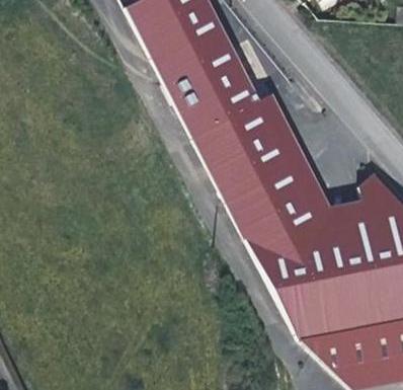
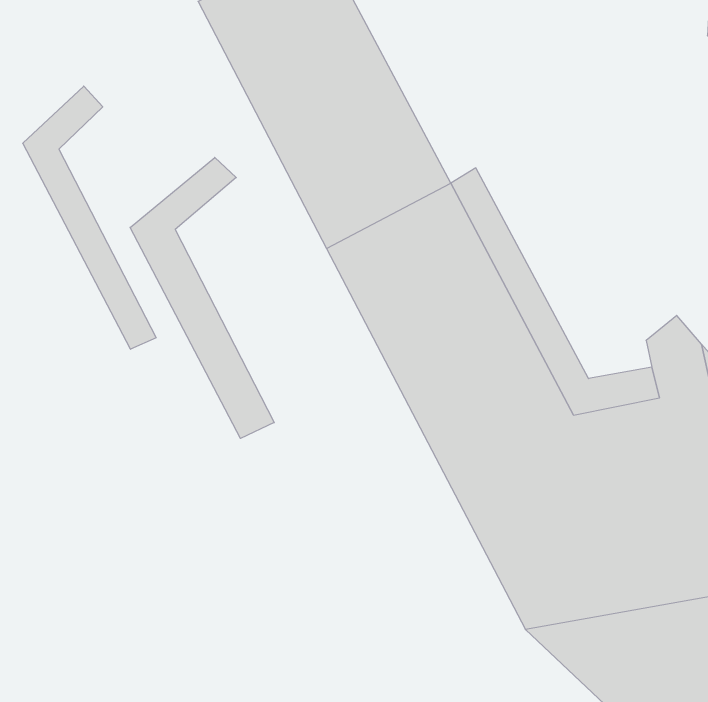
building: none -> [23,86,156,349]
building: none -> [130,157,274,438]

